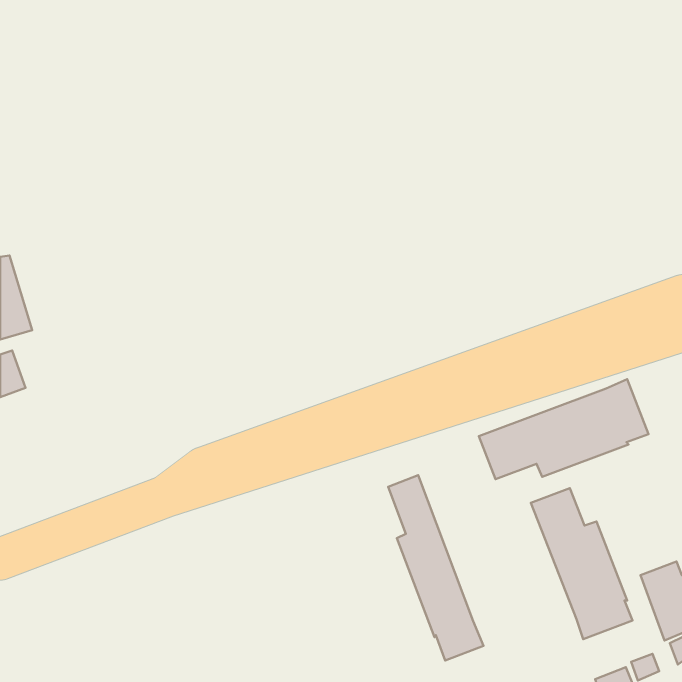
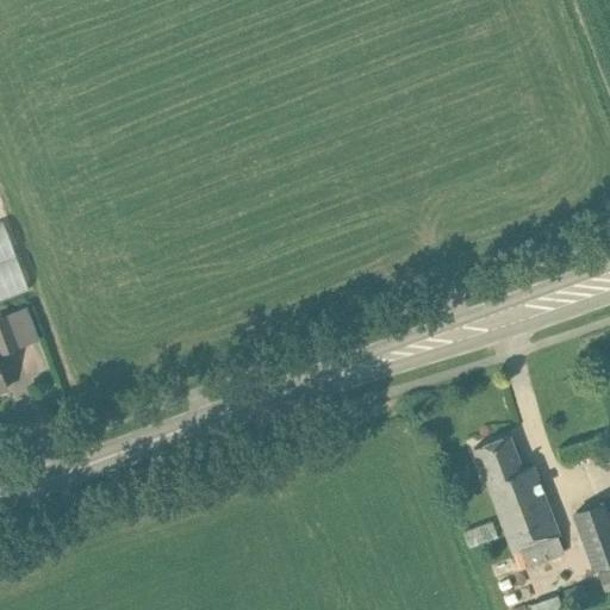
building: [479,379,649,479] -> none
building: [388,475,483,661] -> none

